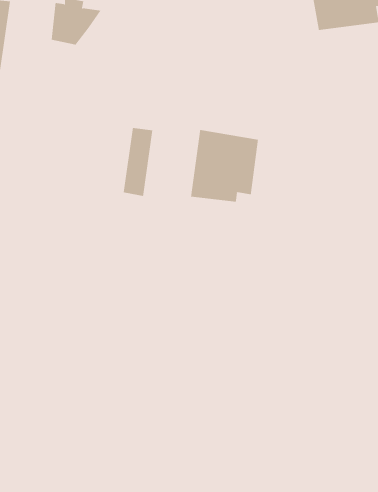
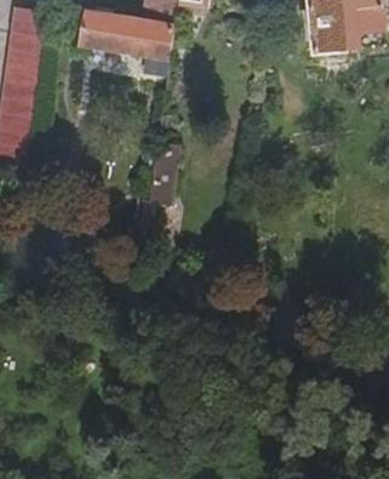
building: none -> [105,22,171,56]
building: [190,129,258,203] -> none

